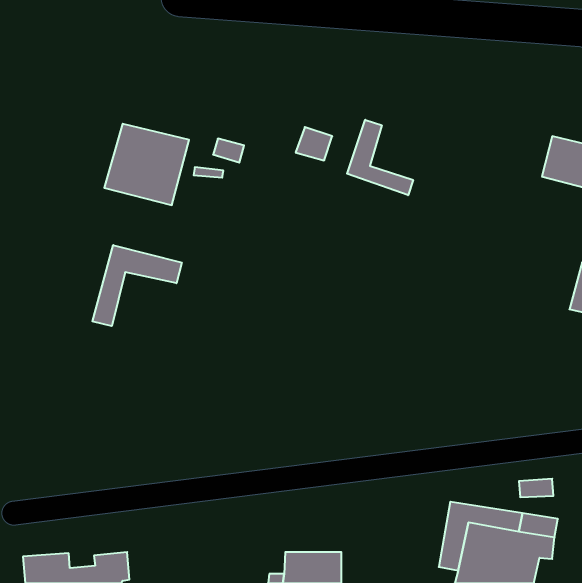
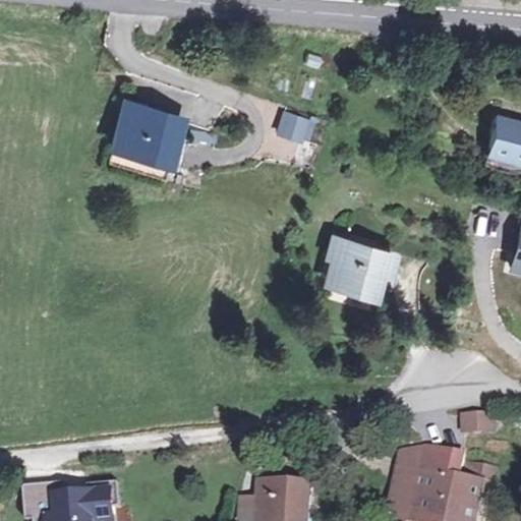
building: [347,120,413,195] -> none
building: [92,245,182,326] -> none
building: none -> [331,236,400,300]

